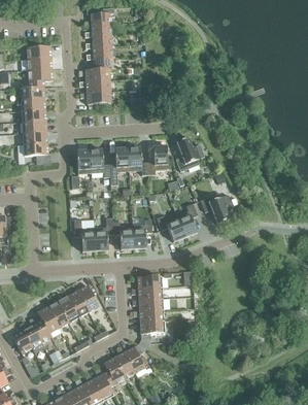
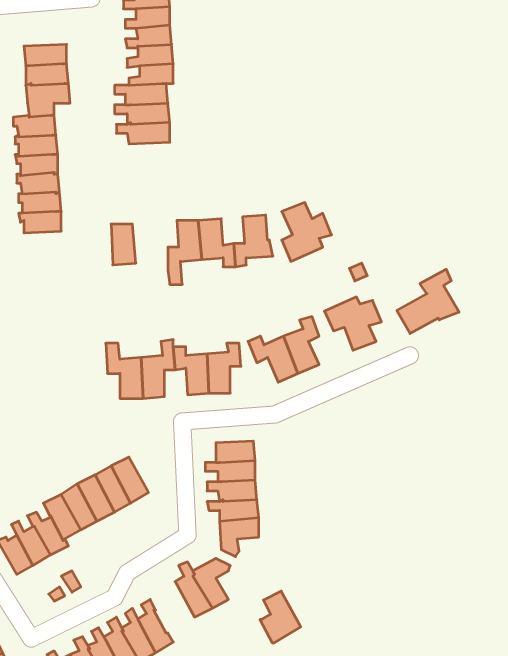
building: [89,149,109,177] -> none
building: none -> [397,269,459,334]
building: [101,358,125,387] -> [260,591,301,643]

